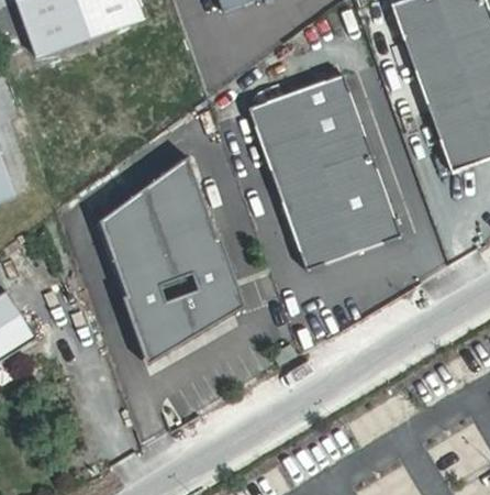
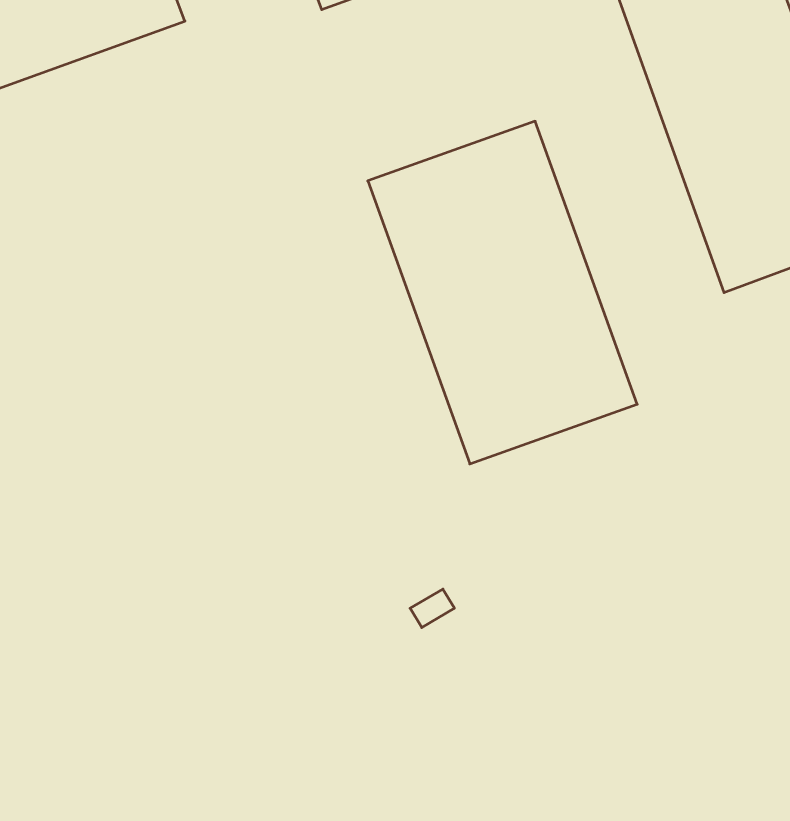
building: [99,155,235,354] -> none

